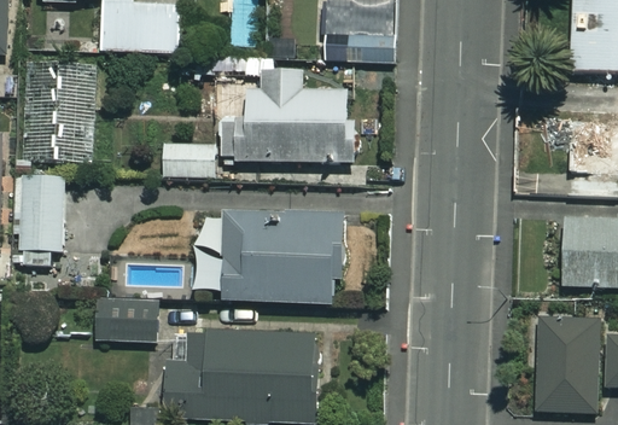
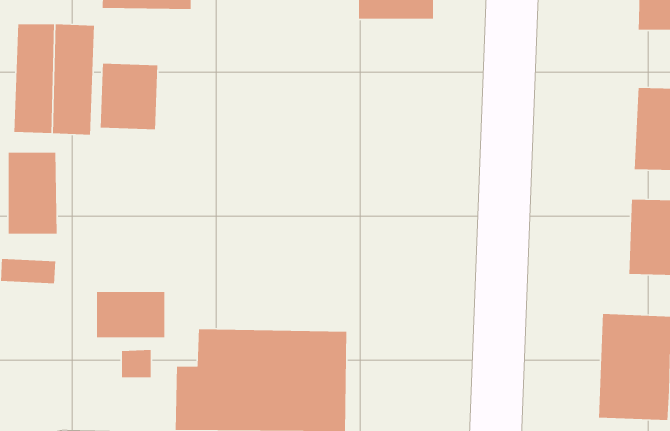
building: [163,70,349,180] -> none
building: none -> [100,63,158,130]
building: [223,212,343,304] -> none

